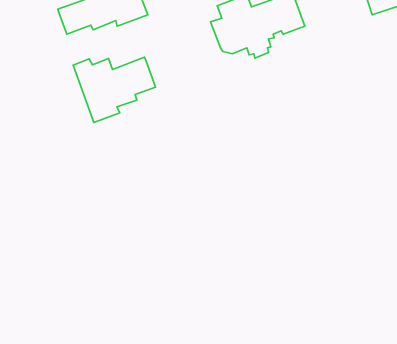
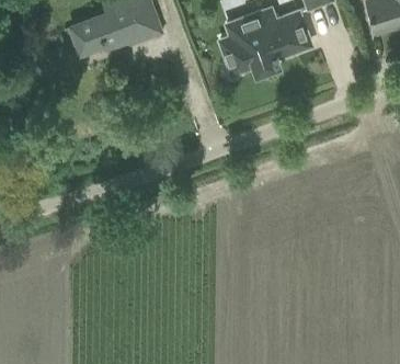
building: [73,57,156,123] -> none

